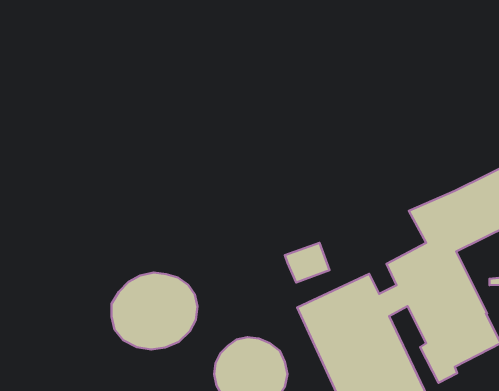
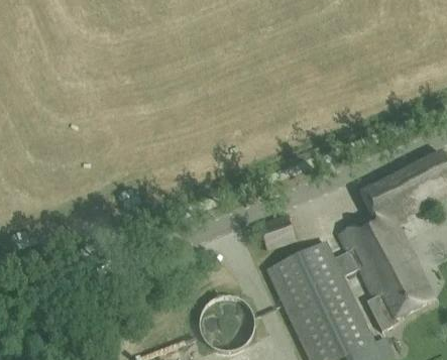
building: [111,272,197,349] -> none

